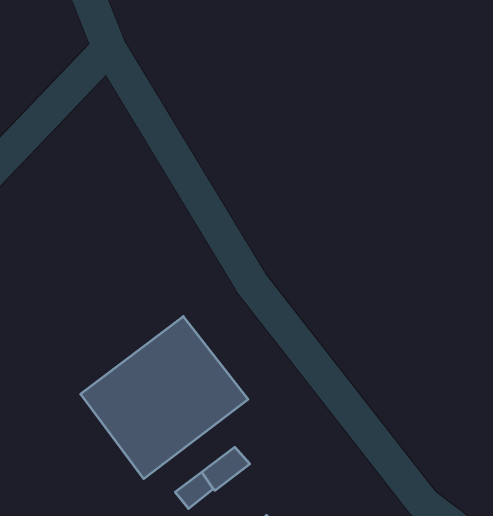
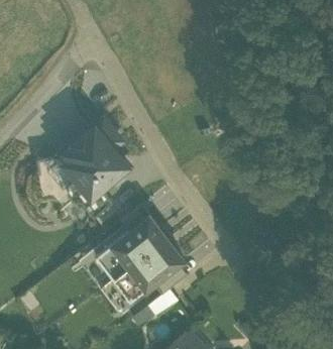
building: none -> [57,122,132,202]

